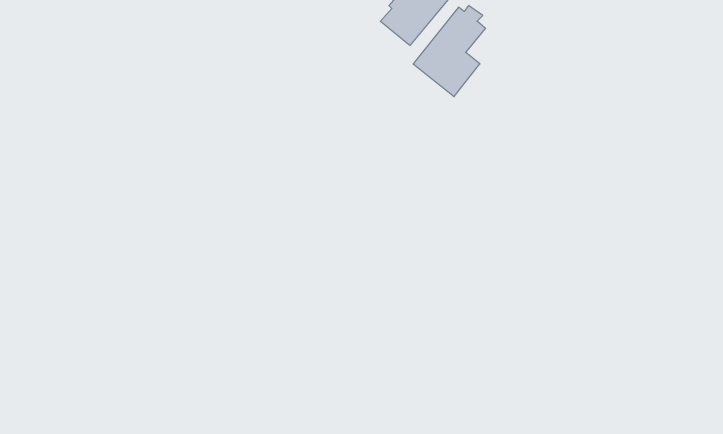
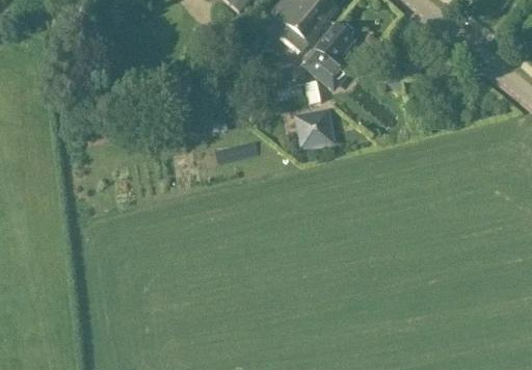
building: none -> [292,106,335,149]

